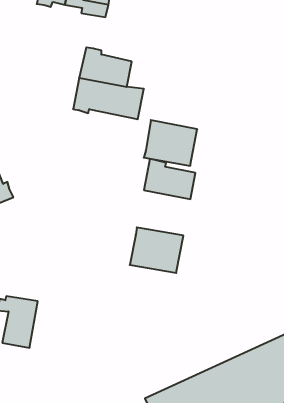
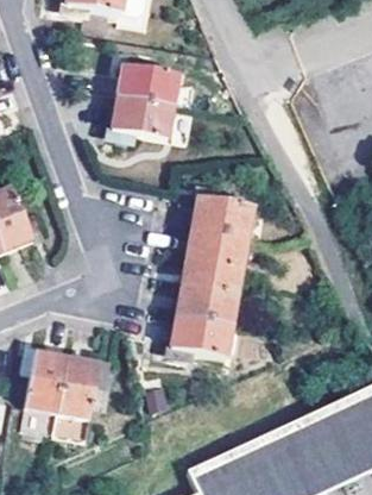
building: [144,120,197,166] -> [182,225,245,278]
building: none -> [166,313,228,355]
building: none -> [51,356,103,438]

